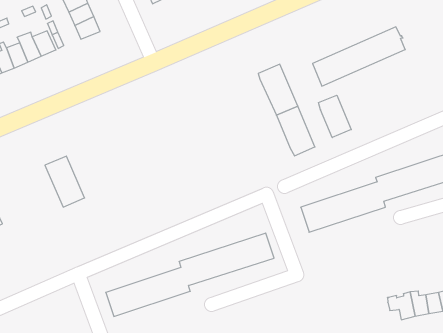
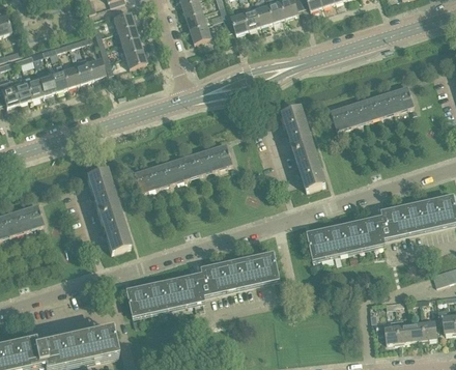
building: [318,95,351,138] -> none
building: none -> [135,142,233,192]
building: none -> [98,207,131,252]

